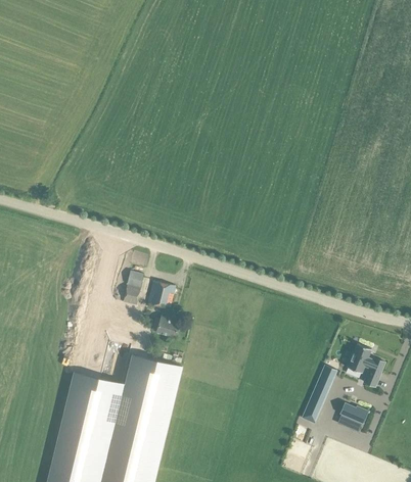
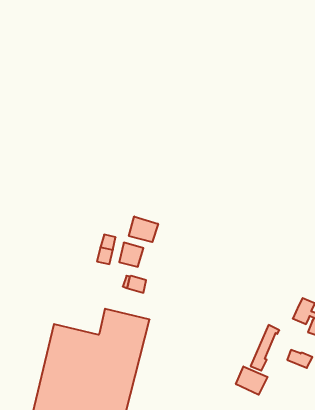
building: none -> [129,216,158,242]
building: none -> [236,366,268,395]

